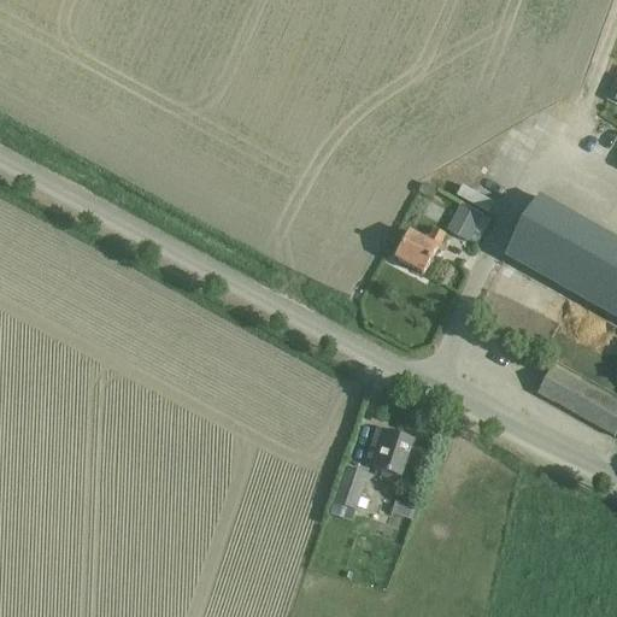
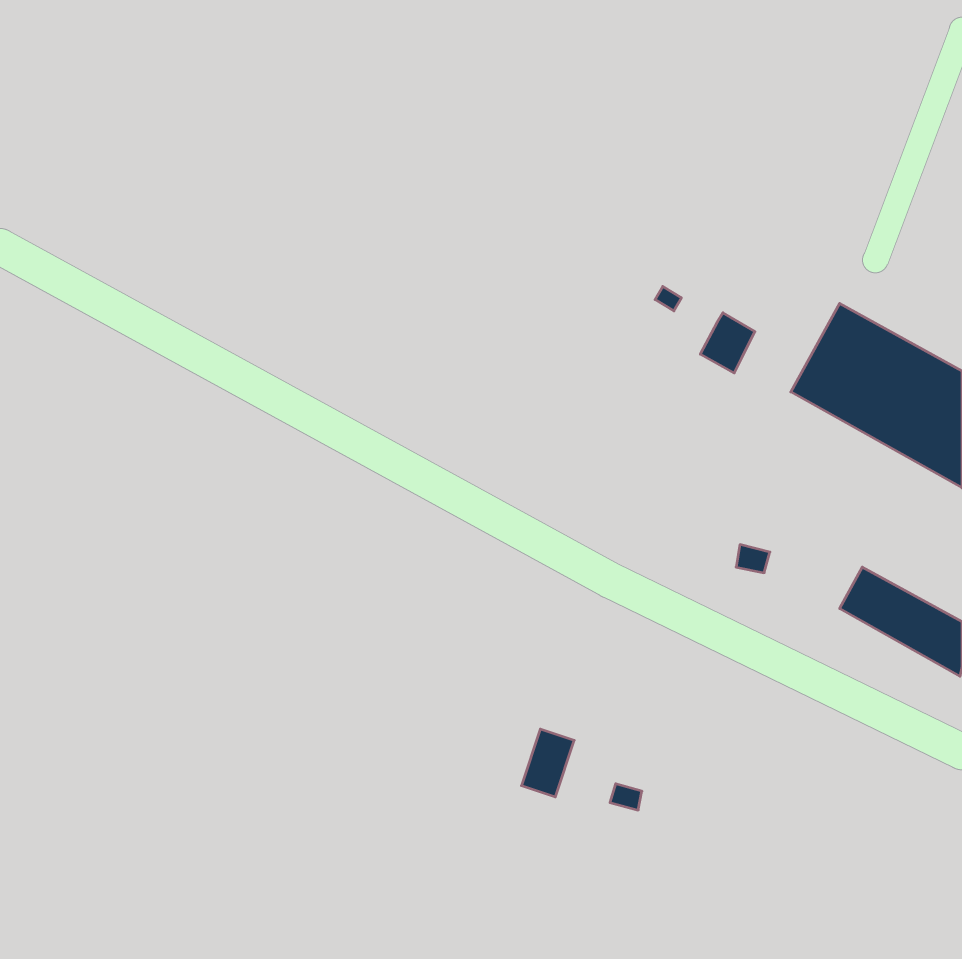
building: [395,224,446,270] -> none
building: [368,429,413,477] -> none

